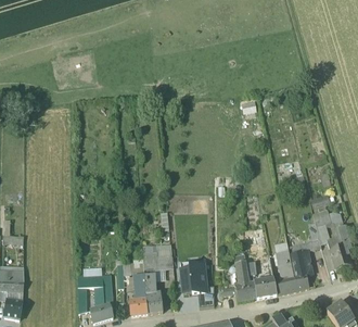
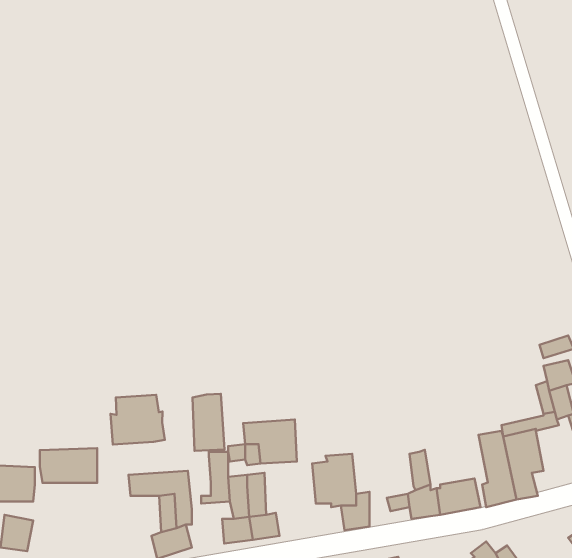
building: none -> [193,394,225,451]
building: none -> [110,395,165,444]
building: none -> [40,448,97,483]

